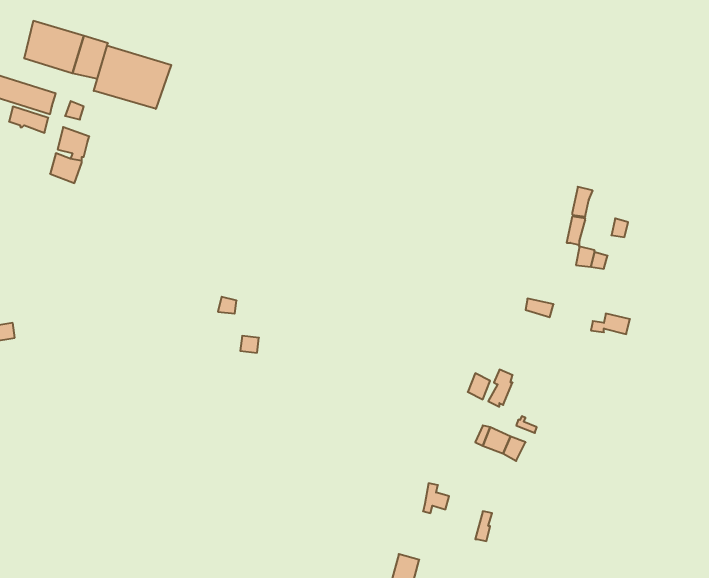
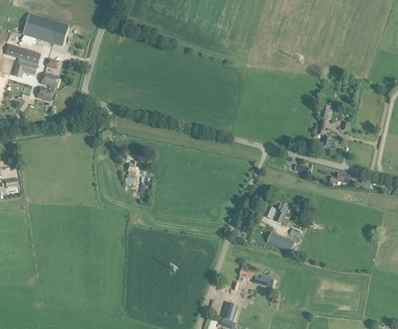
building: [94,46,171,109] -> none

